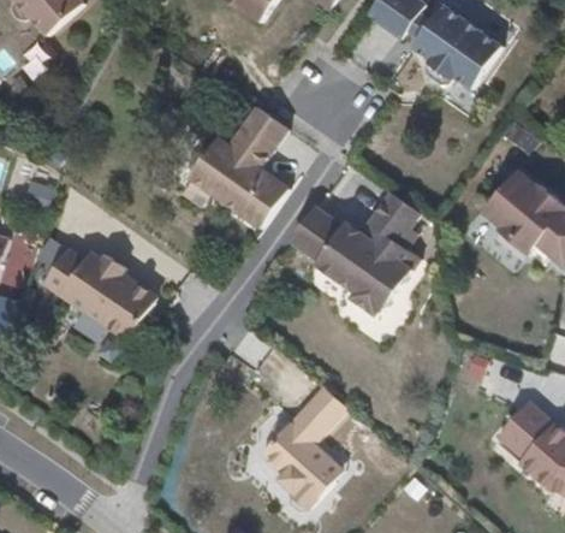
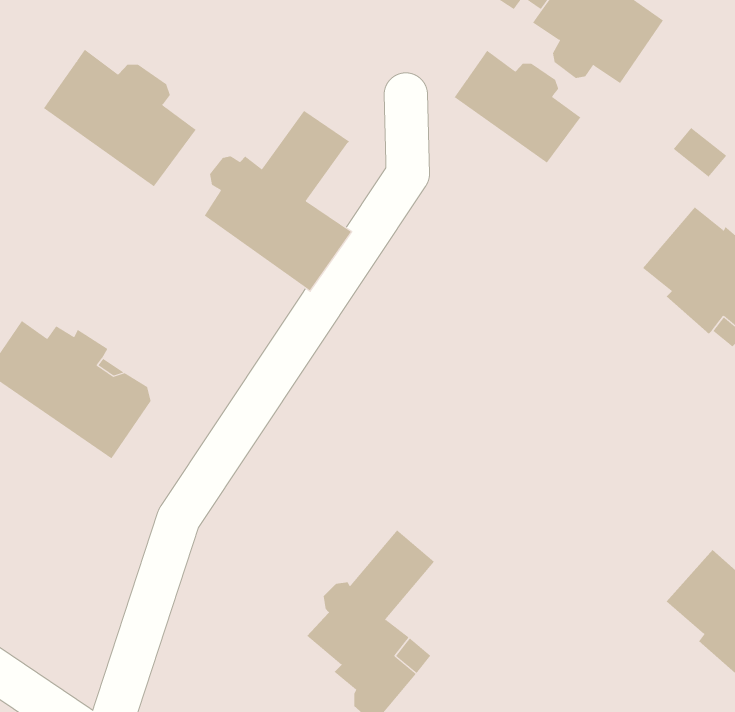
building: none -> [43,49,197,187]
building: none -> [454,50,581,163]
building: [291,191,420,314] -> none

